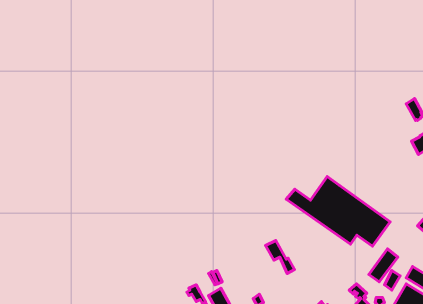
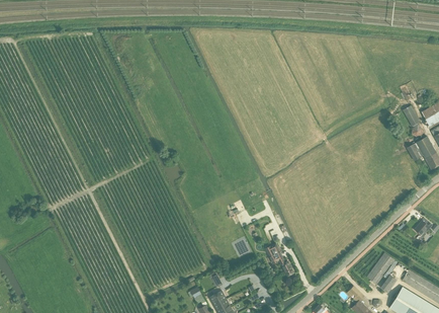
building: [286,177,390,246] -> none

